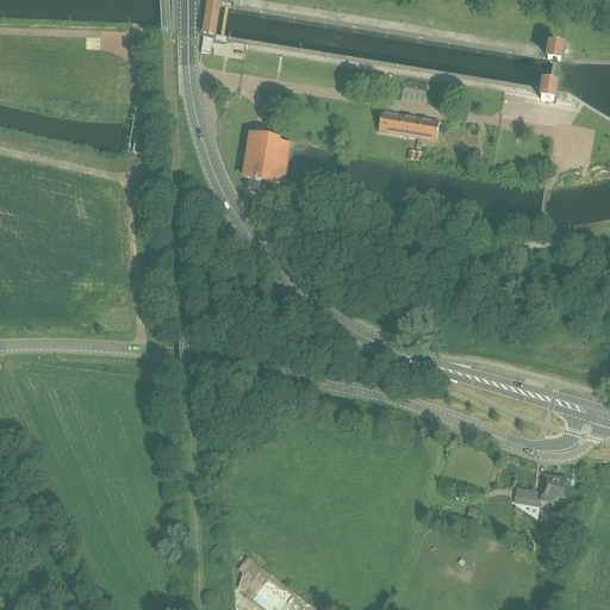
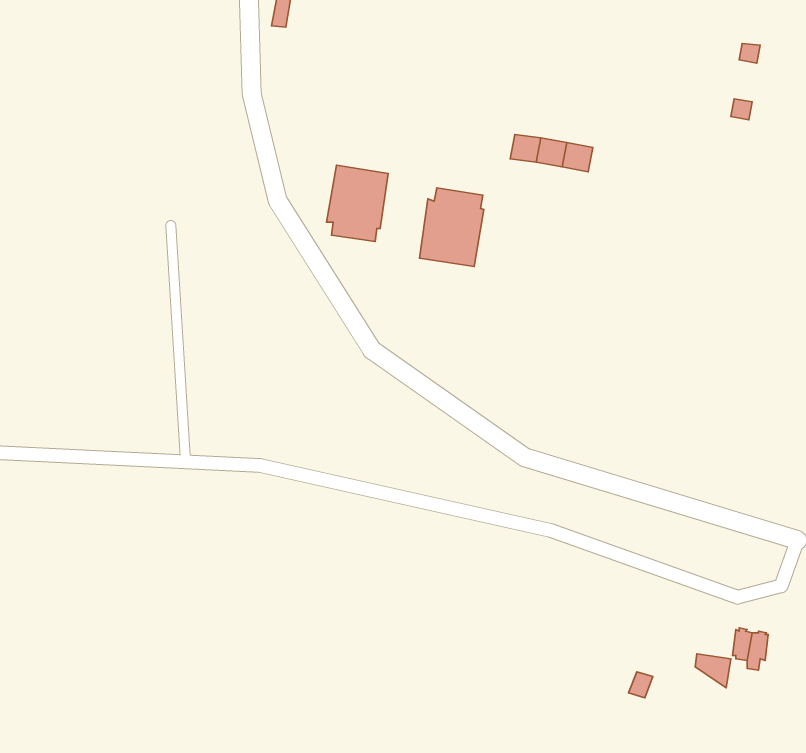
building: none -> [419,188,484,267]

